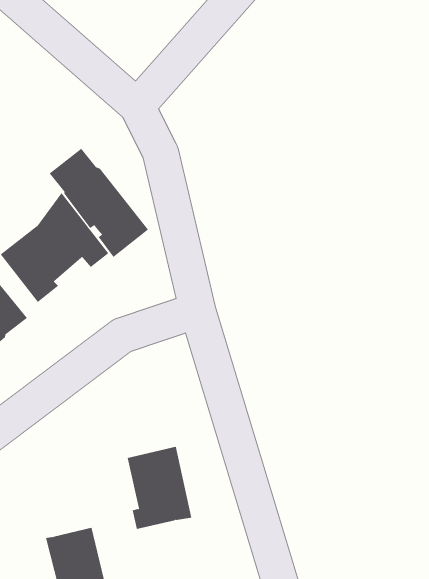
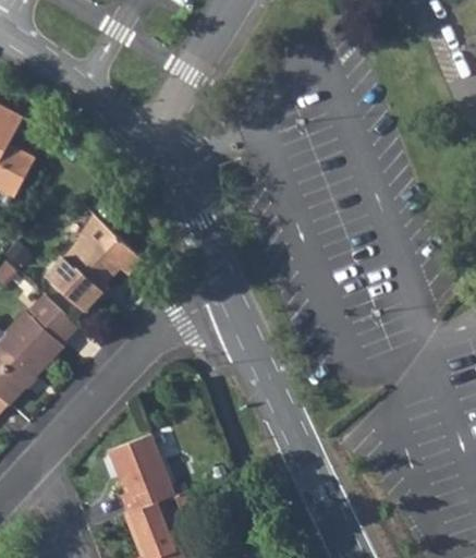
building: [49,148,149,258] -> none
building: [127,446,192,530] -> [111,436,175,513]

